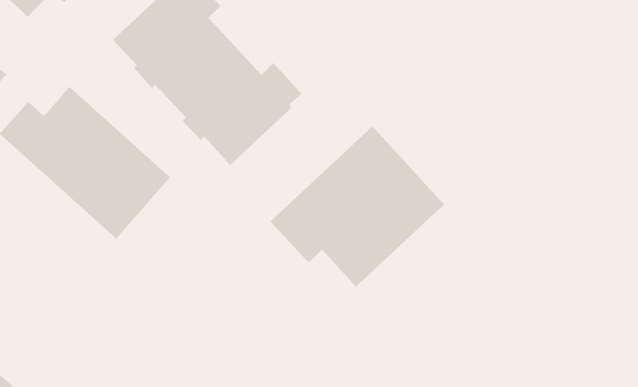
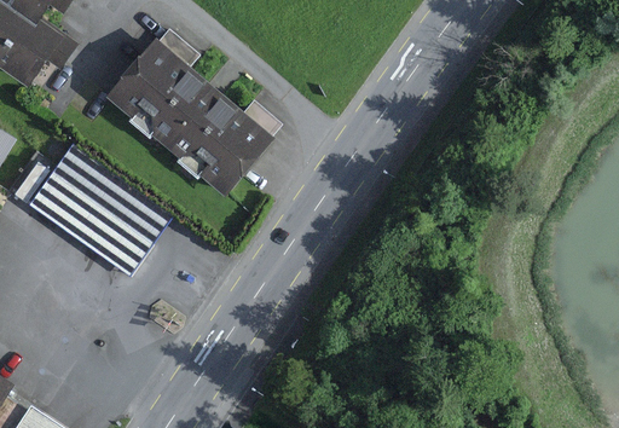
building: [269,126,445,288] -> none

